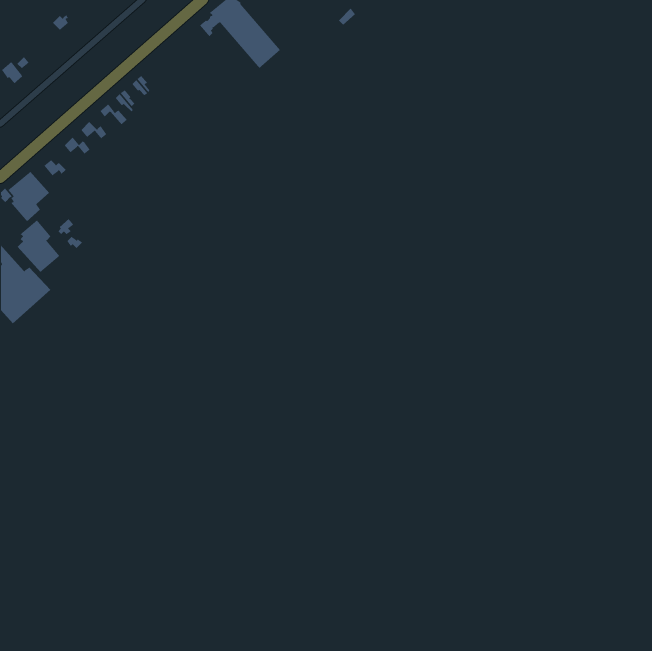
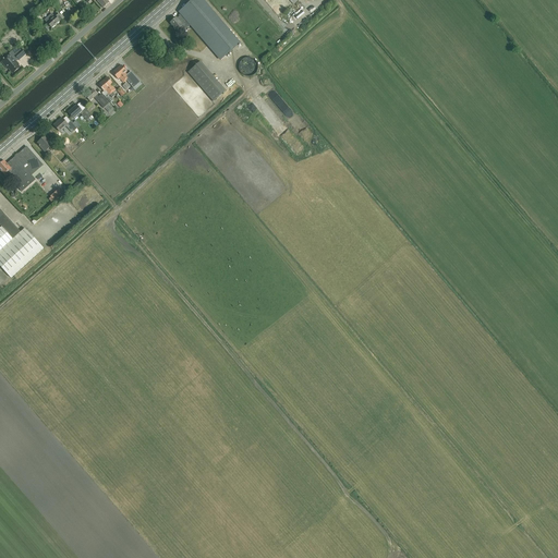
building: none -> [187,61,226,100]
building: [17,219,60,273] -> none

